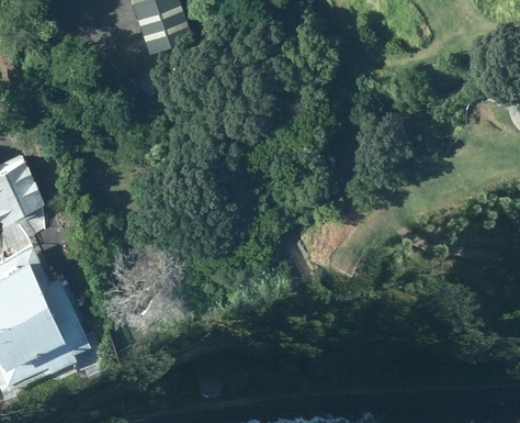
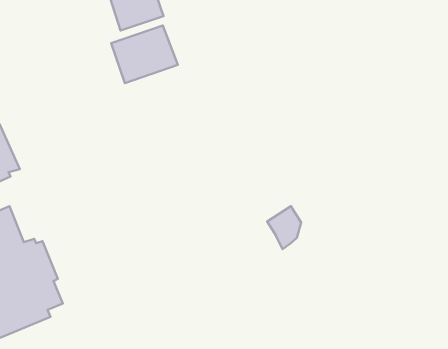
building: none -> [111,25,178,83]

